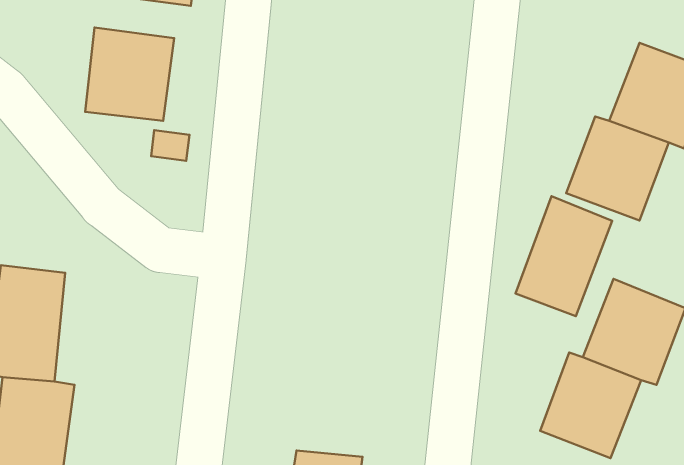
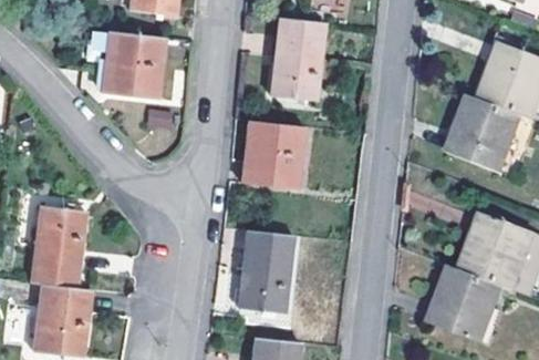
building: none -> [270,18,325,100]
building: none -> [240,121,304,188]
building: [516,196,612,316] -> none
building: none -> [237,230,294,311]

